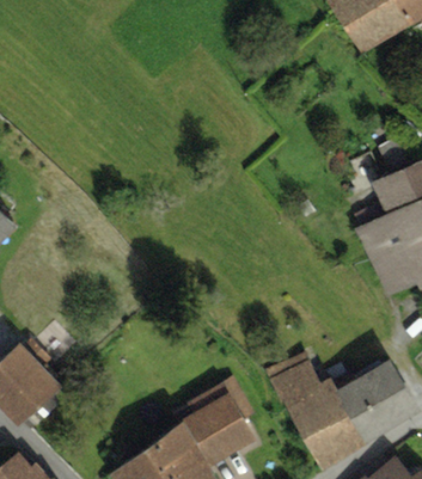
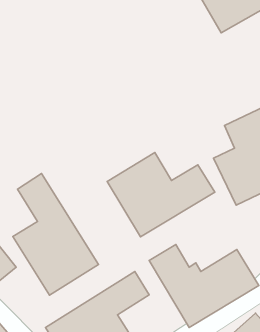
building: none -> [107,153,215,237]
building: none -> [13,174,98,295]

